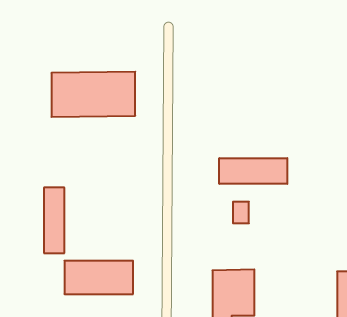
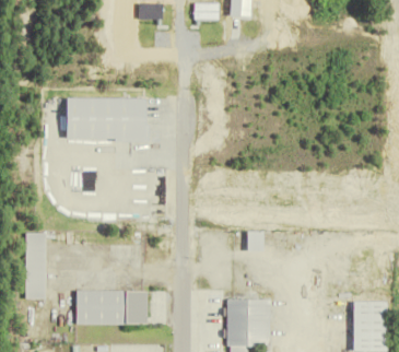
building: [219,158,287,184] -> none
building: [44,188,64,253] -> [24,232,45,298]

